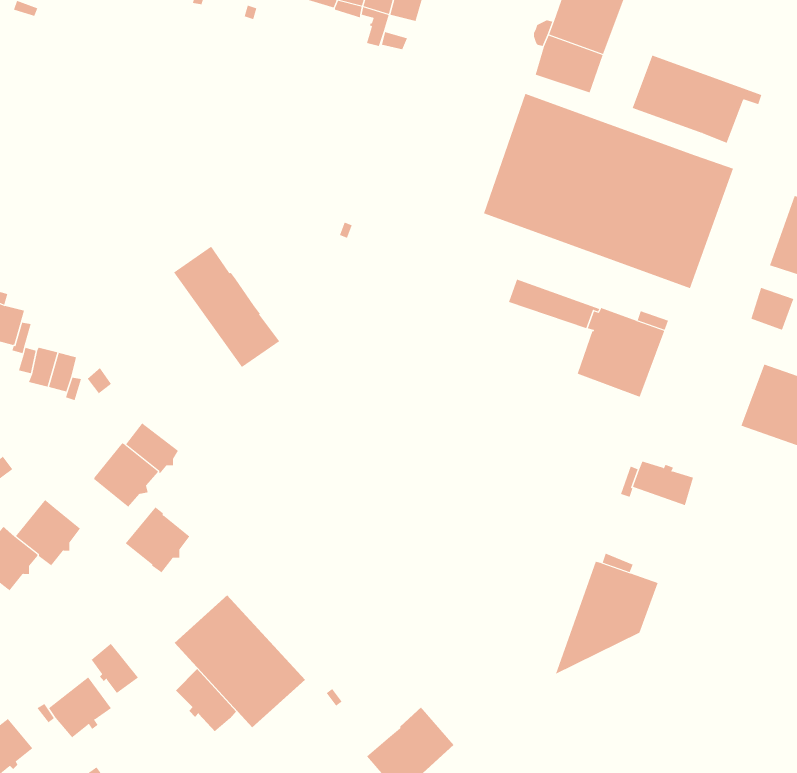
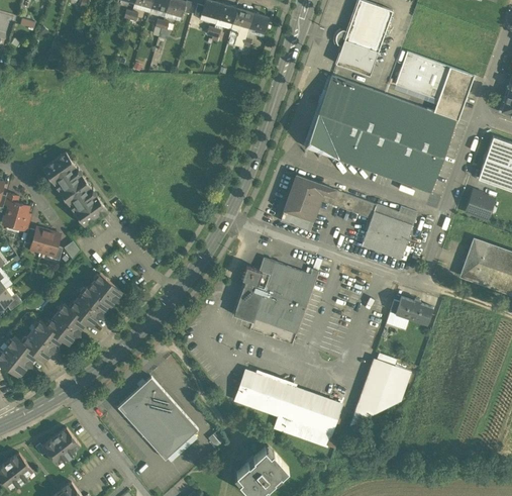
building: none -> [433,79,472,120]
building: [173,246,280,368] -> [42,153,107,226]
building: none -> [281,176,325,231]
building: none -> [234,259,318,333]
building: [125,506,190,573] -> [46,303,86,343]
building: none -> [234,370,341,448]
building: [91,643,139,694] -> none
building: [175,668,237,732] -> none

